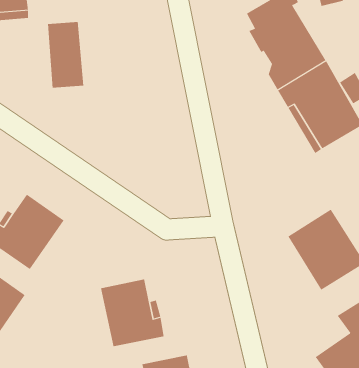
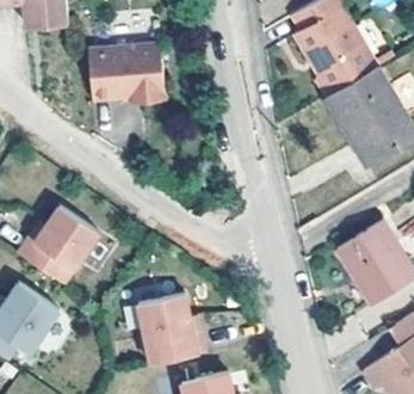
building: none -> [117,21,162,97]

